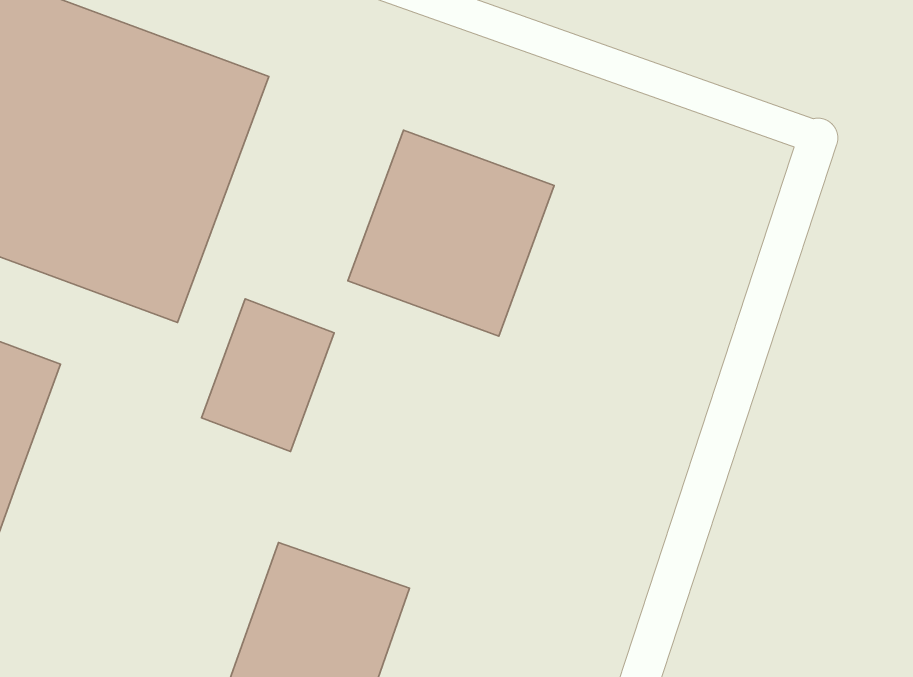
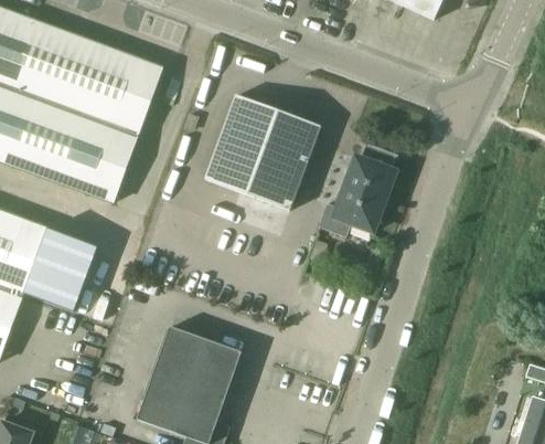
building: none -> [320,141,399,236]
building: [201,299,334,452] -> [23,225,97,310]

